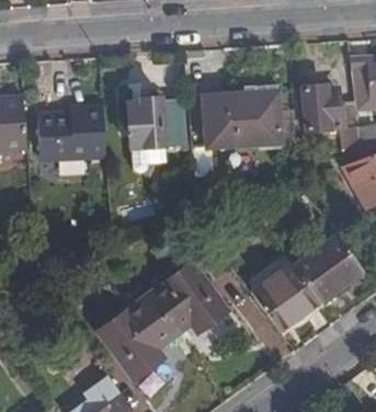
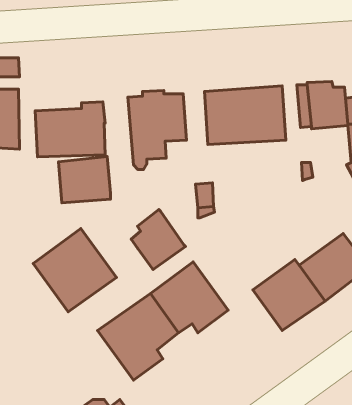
building: none -> [59,157,111,203]
building: none -> [131,209,185,269]
building: none -> [33,228,117,312]

